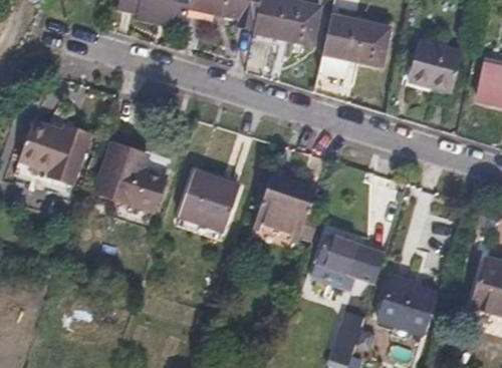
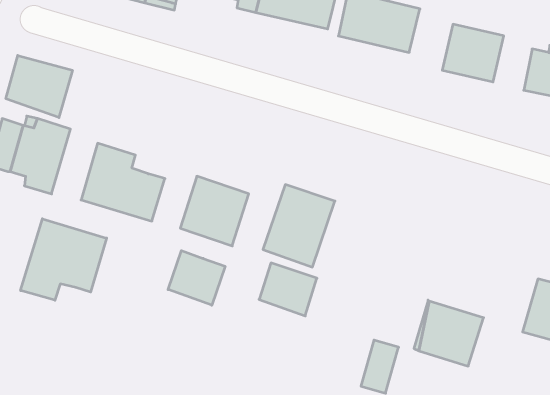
building: none -> [6,55,72,118]
building: none -> [21,219,107,300]
building: [318,233,367,278] -> [259,263,317,316]
building: none -> [168,251,225,305]

